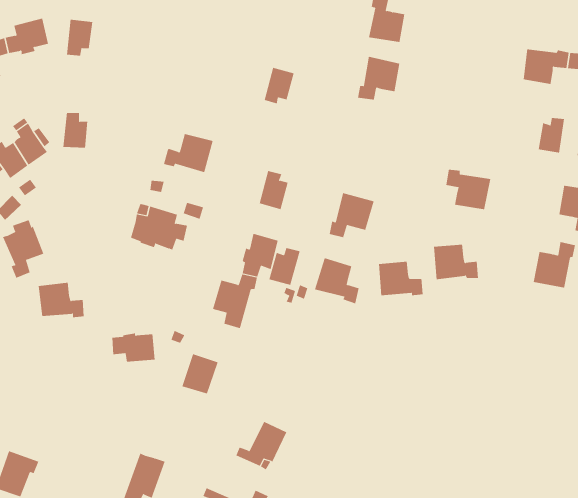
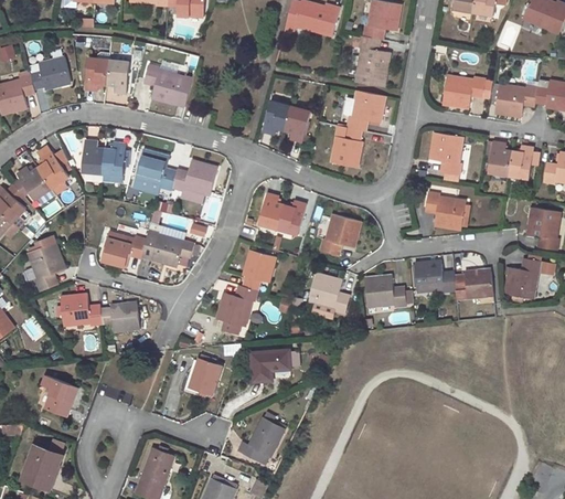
building: none -> [106,60,129,93]
building: none -> [145,64,195,107]
building: none -> [443,75,486,108]
building: none -> [284,106,310,141]
building: none -> [331,128,362,168]
building: none -> [430,132,463,174]
building: none -> [489,141,513,174]
building: none -> [103,142,126,174]
building: none -> [135,149,175,190]
building: none -> [100,232,147,267]
building: [269,247,301,285] -> [278,200,307,234]
building: none -> [455,269,493,298]
building: [111,333,156,362] -> [100,305,140,331]
building: none -> [250,349,290,382]
building: none -> [45,380,77,416]

